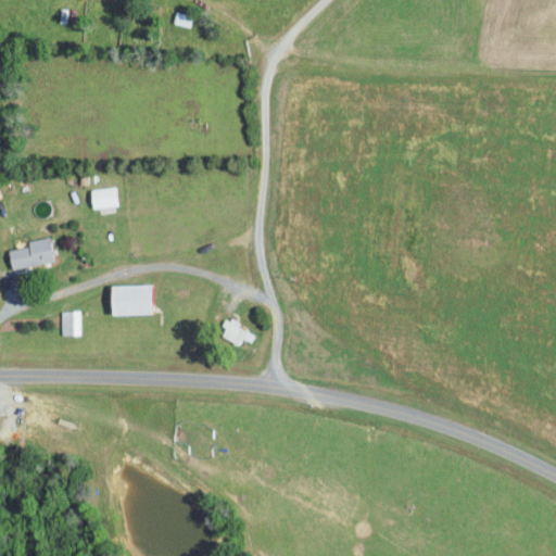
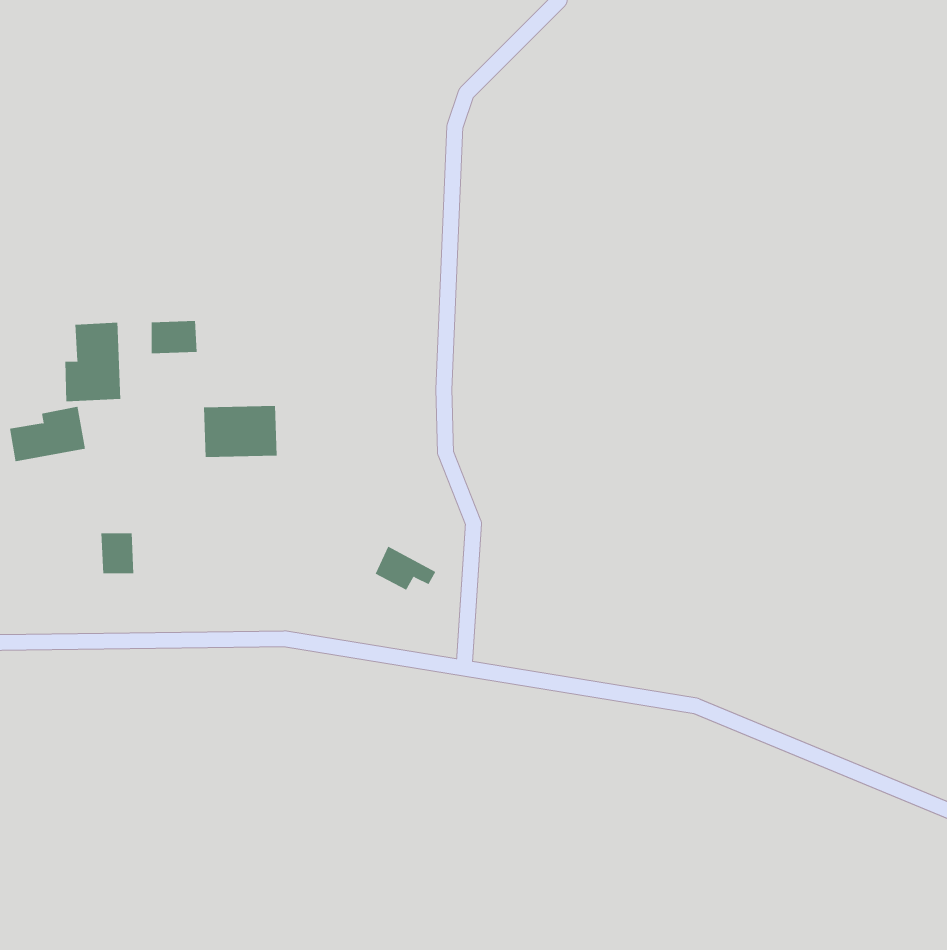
building: none -> [65,322,121,402]
building: [109,286,152,316] -> [203,405,278,458]

